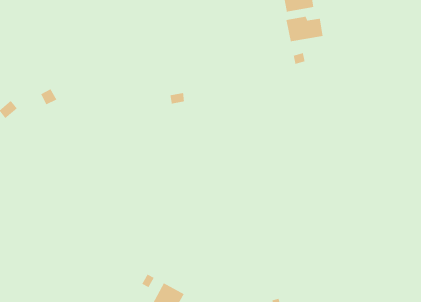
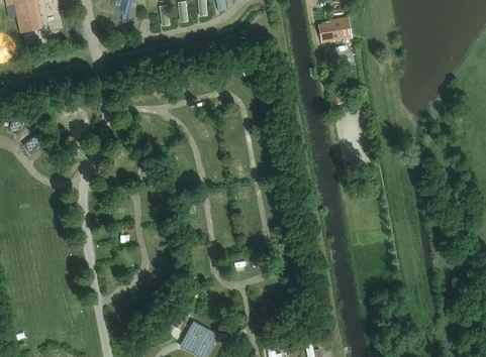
building: [286,16,323,42] -> none

